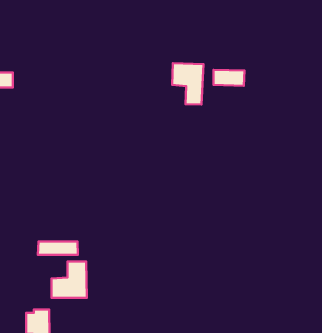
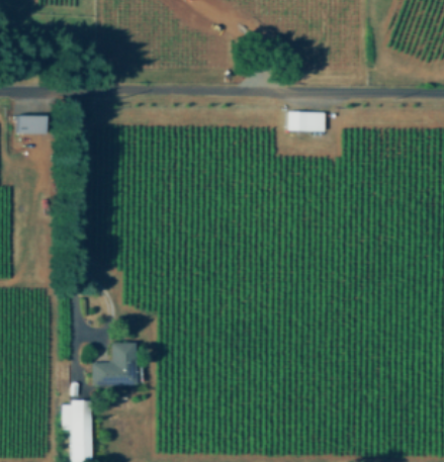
building: [172,63,203,104] -> none
building: [38,242,78,255] -> none

